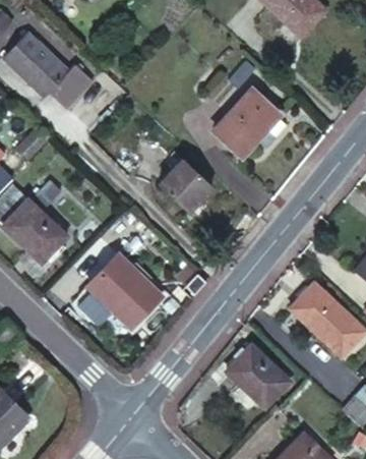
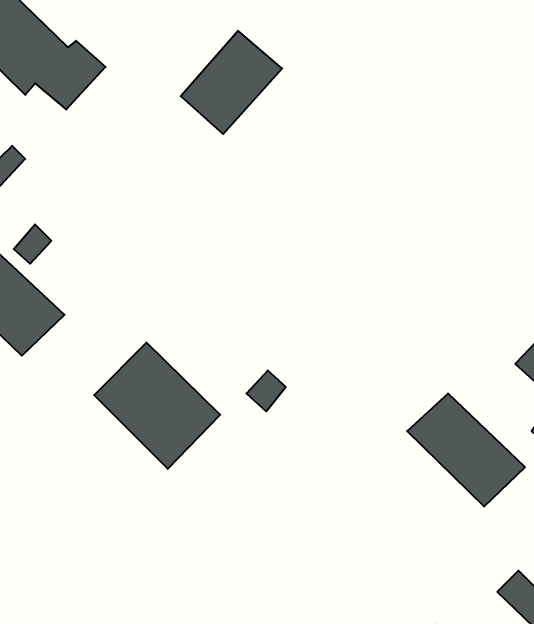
building: [213,89,277,153] -> [181,31,282,134]
building: [166,162,212,208] -> none
building: [222,341,284,403] -> none

